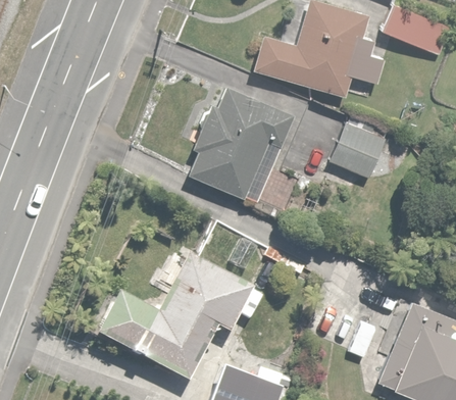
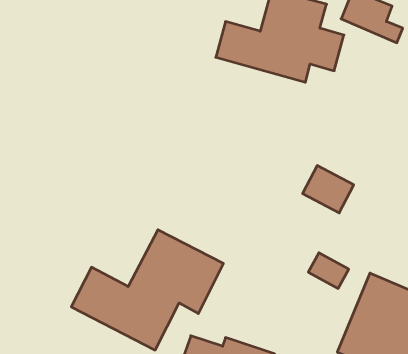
building: [187,87,294,203] -> none
building: [330,129,384,179] -> [303,166,354,213]

